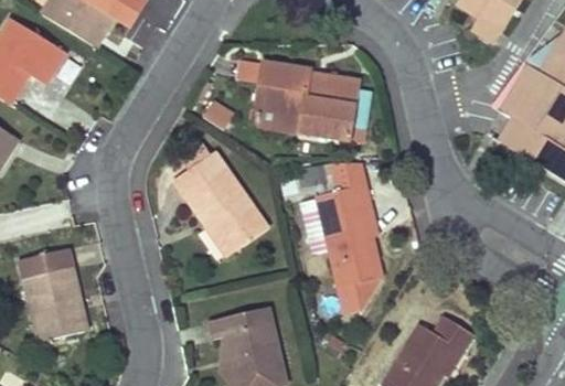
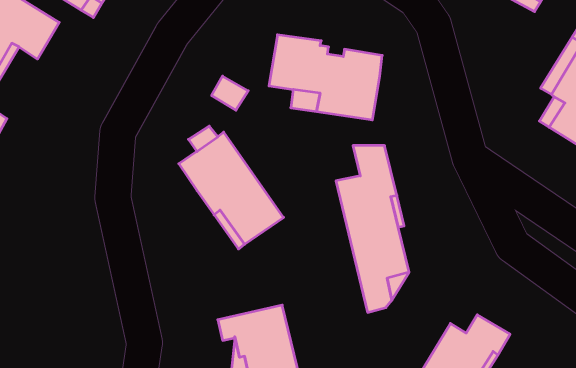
building: [19,247,87,341] -> none

